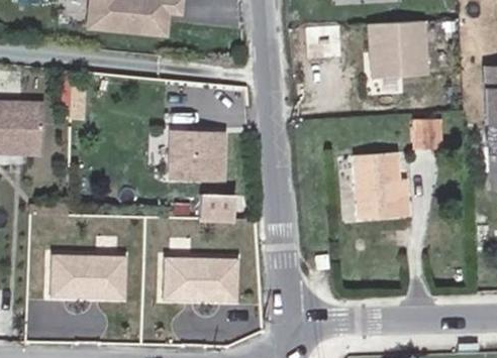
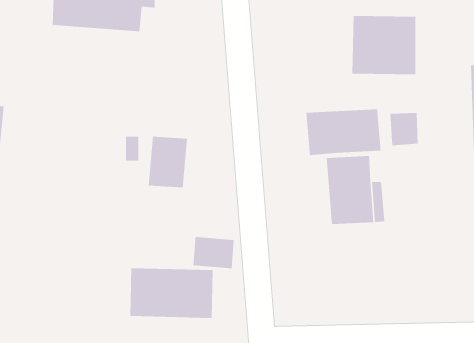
building: none -> [306,108,381,156]
building: [205,191,244,221] -> [193,236,235,269]
building: [51,253,129,301] -> none

